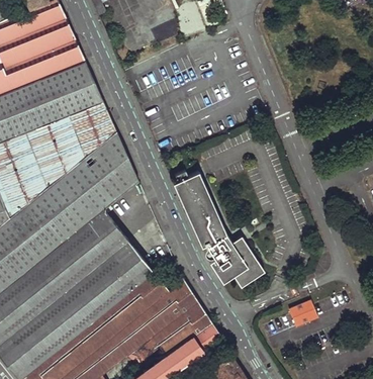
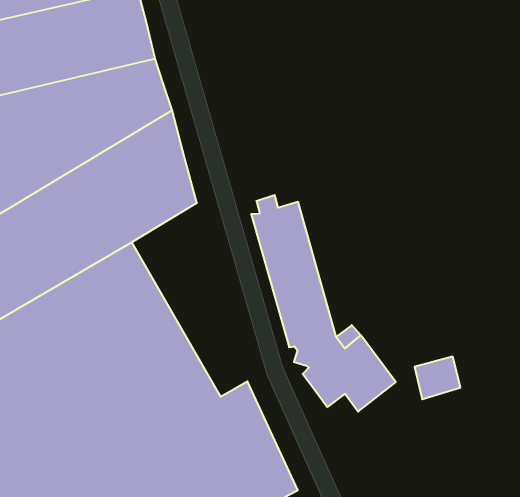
building: [294,299,322,326] -> [415,357,460,399]

